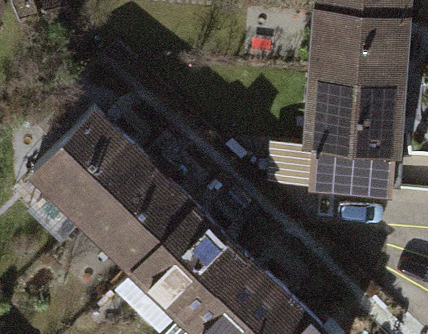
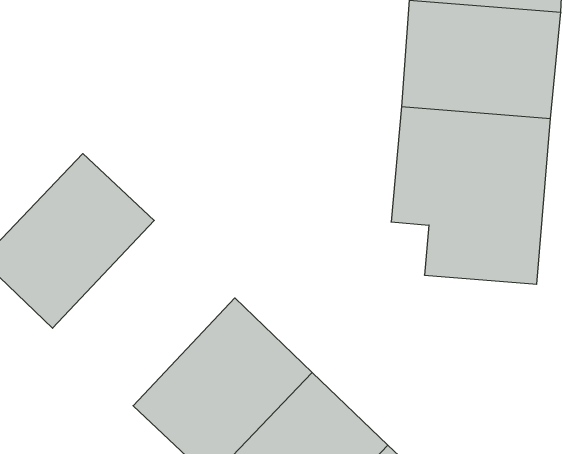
building: [77,155,197,277] -> none

